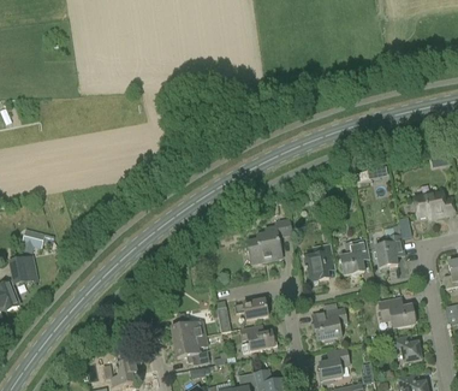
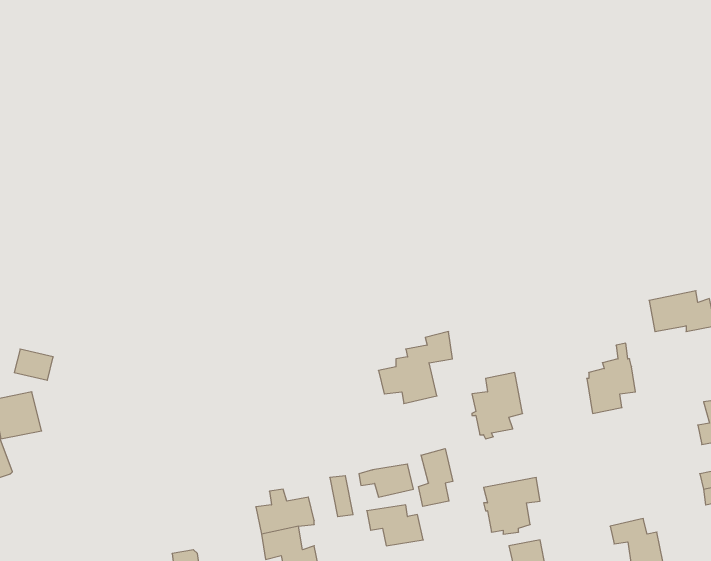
building: [340,236,370,274] -> none
building: none -> [418,449,453,506]
building: [377,295,415,327] -> none

